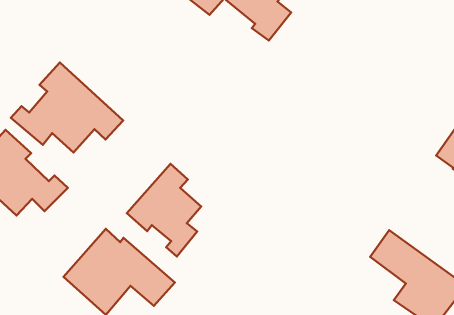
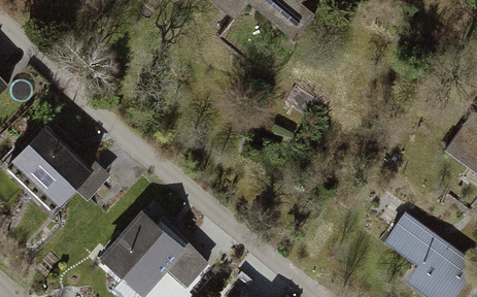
building: [11,63,123,152] -> none
building: [127,164,201,256] -> none

